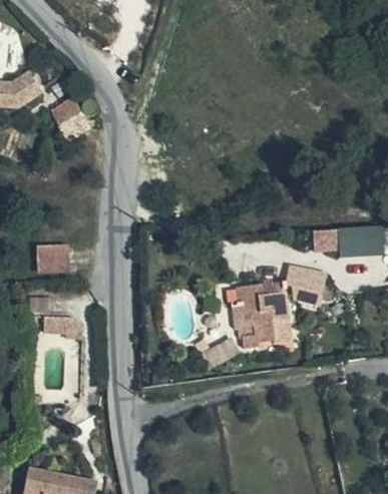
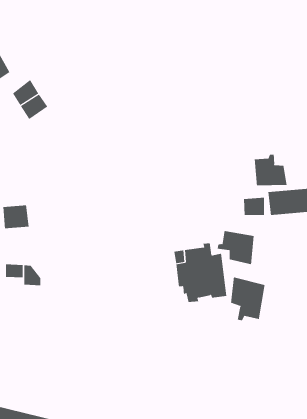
building: none -> [254,154,287,186]
building: none -> [231,276,265,321]

